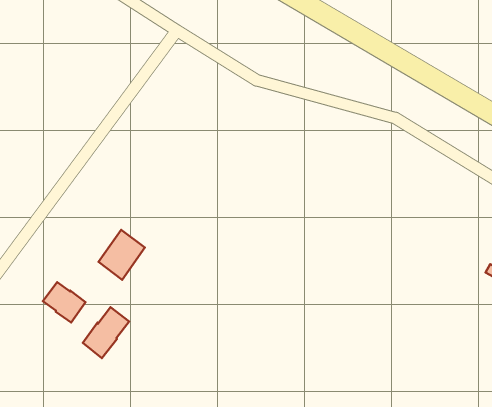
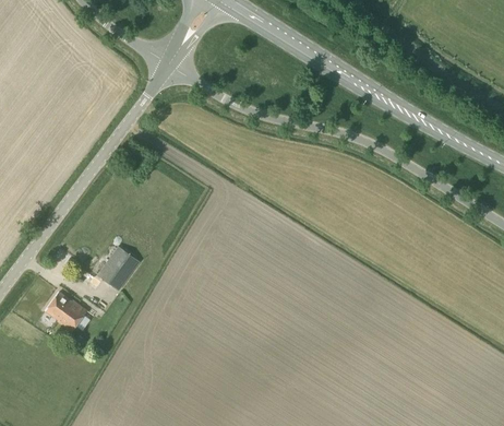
building: [83,307,129,358] -> none

